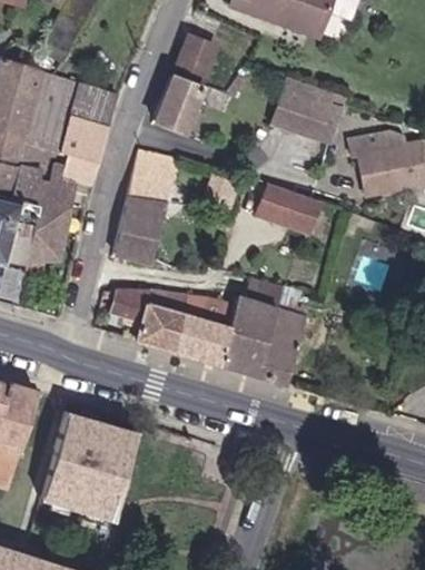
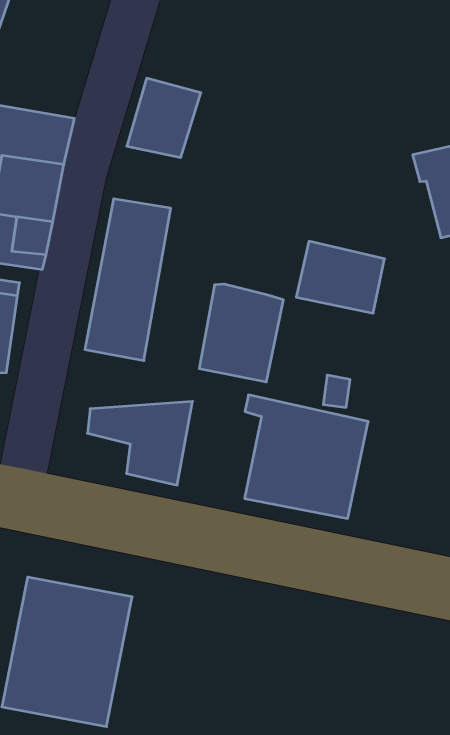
building: [181,30,220,77] -> none
building: [265,73,339,140] -> none
building: [170,297,233,367] -> [199,284,283,382]

